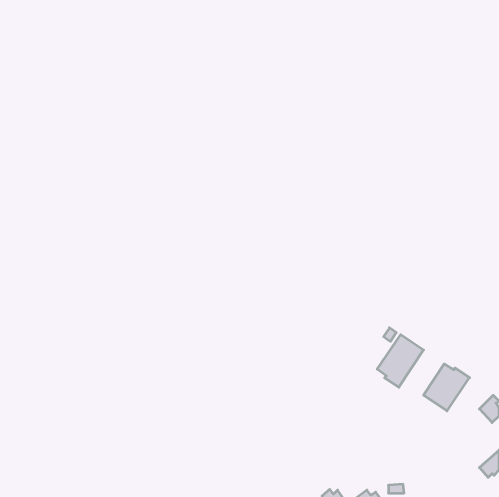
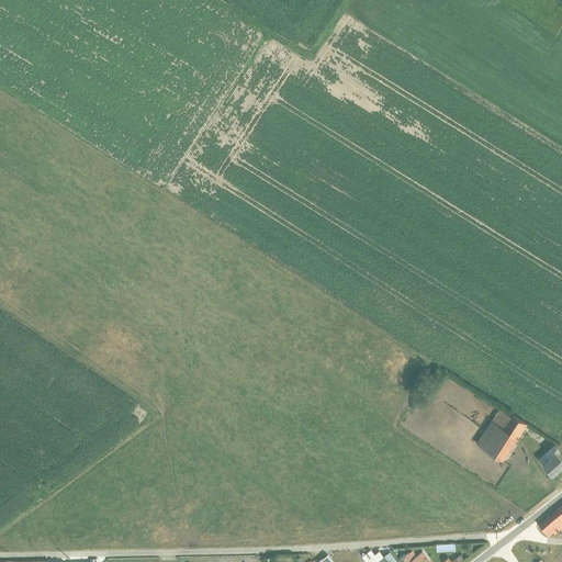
building: [377,335,424,387] -> none

